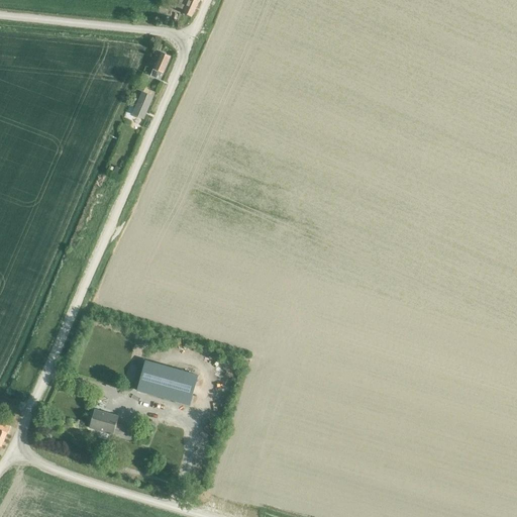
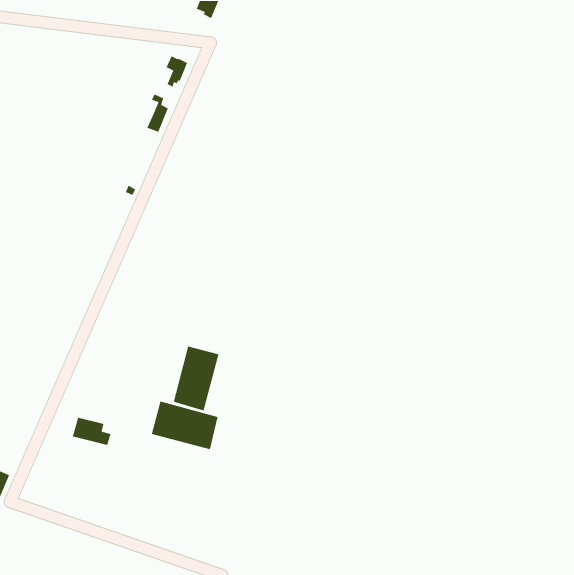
building: none -> [173,345,220,411]
building: [88,410,123,436] -> [72,417,111,446]

